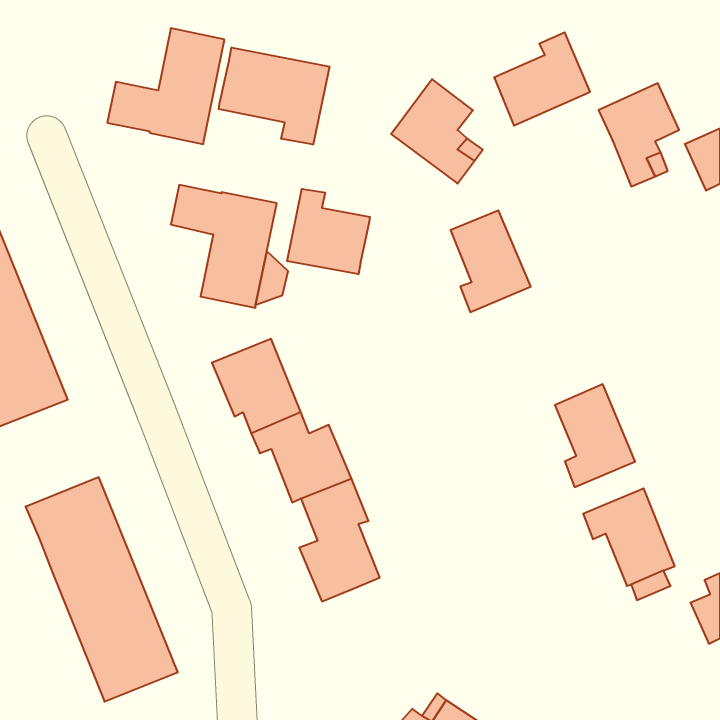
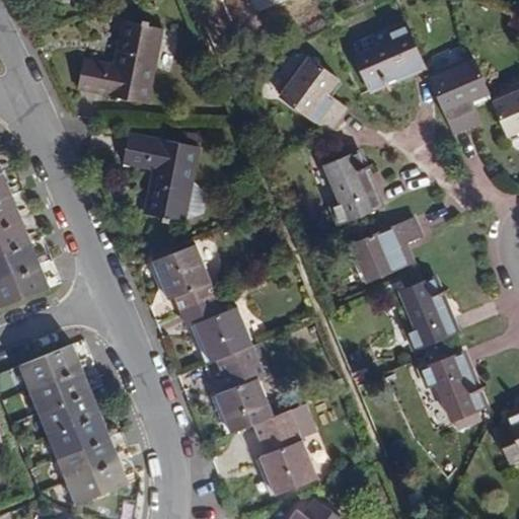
building: [219,48,329,145] -> none
building: [287,189,370,274] -> none
building: none -> [351,218,421,282]
building: none -> [253,410,317,496]

